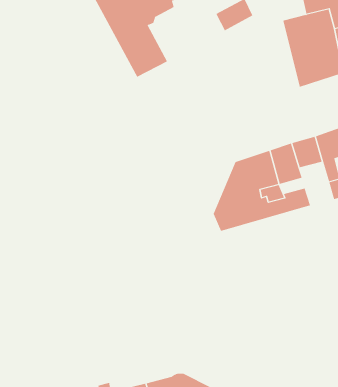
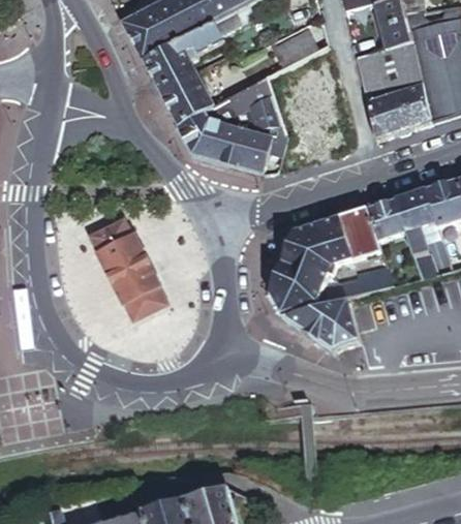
building: none -> [176,78,281,171]
building: none -> [88,216,170,321]
building: none -> [281,296,370,355]

